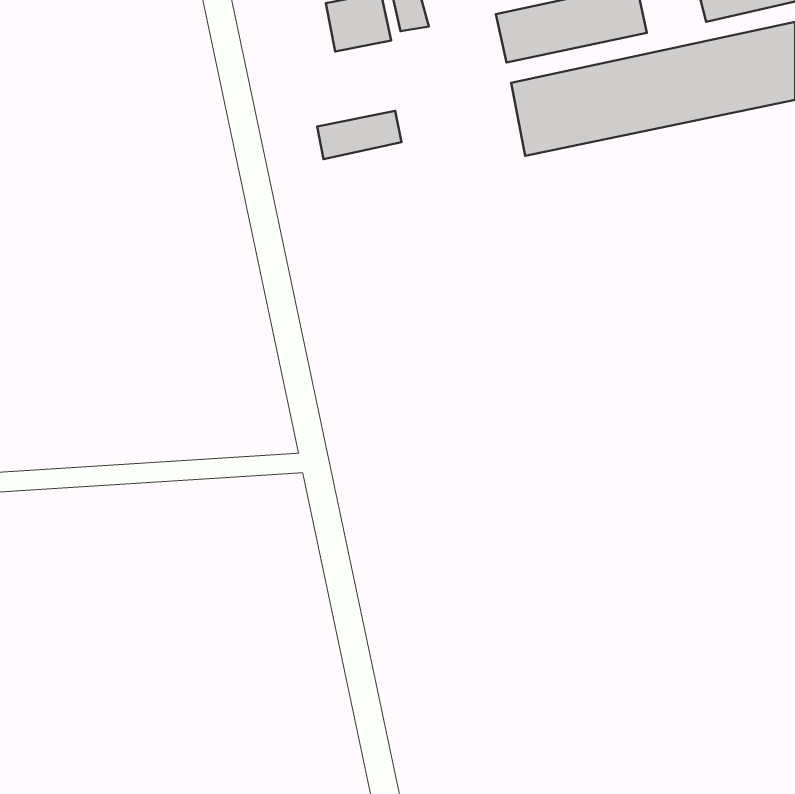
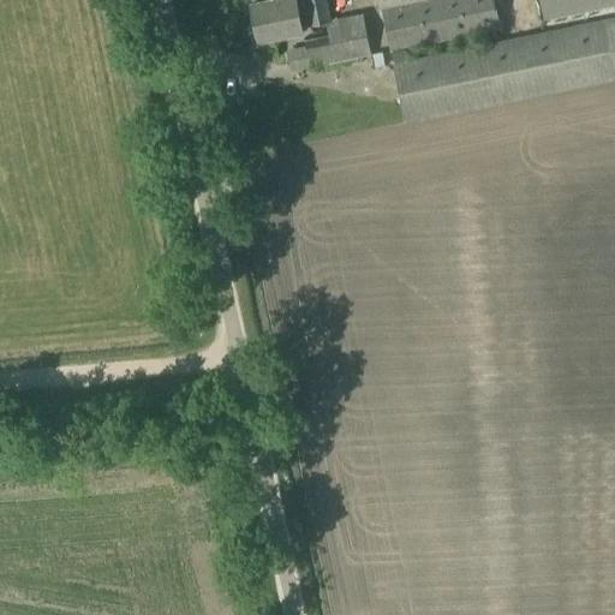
building: [317,111,401,159] -> [305,28,370,65]

